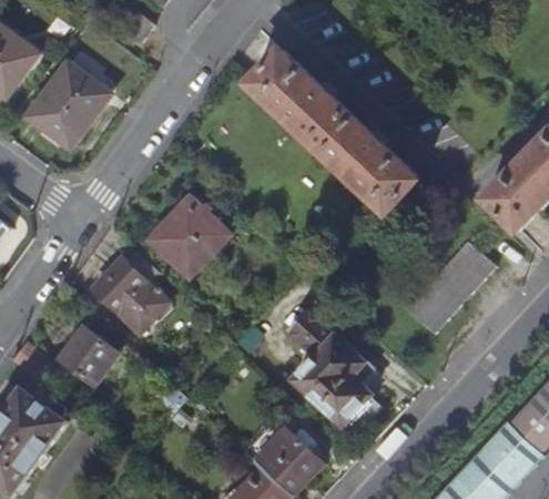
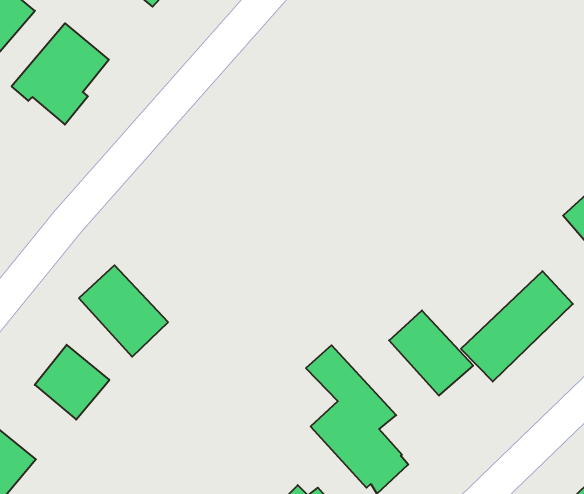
building: [250,49,418,214] -> none
building: [154,195,228,276] -> none
building: none -> [389,310,473,396]

